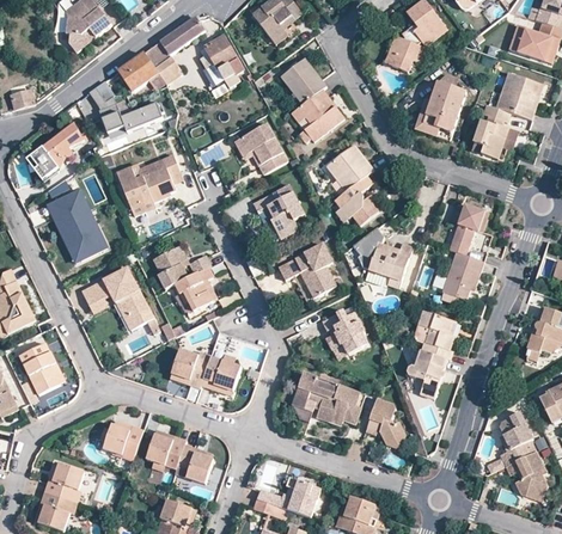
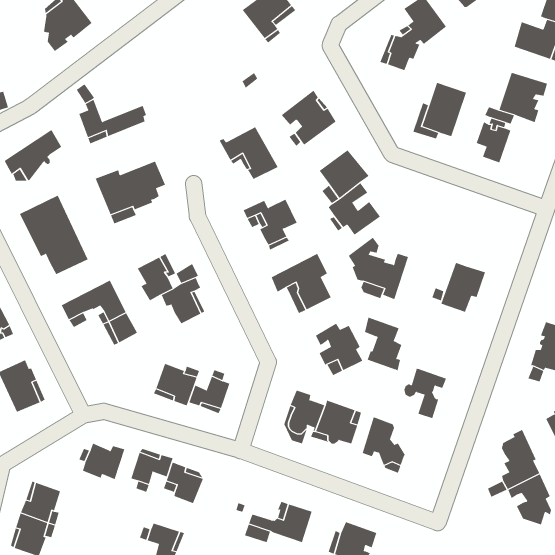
building: [117,17,204,92] -> none
building: [197,33,244,90] -> none
building: [279,57,325,104] -> none
building: [447,203,483,254] -> none
building: [416,311,452,362] -> [364,317,402,371]

